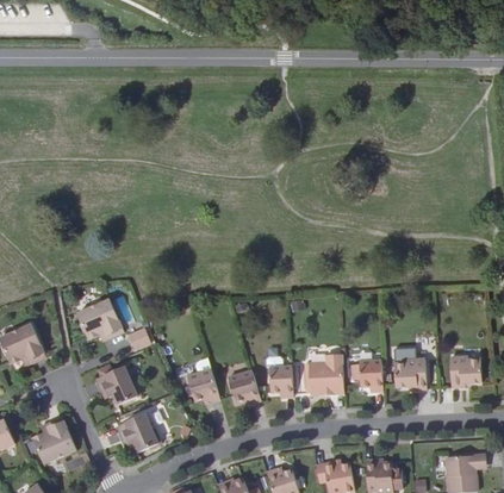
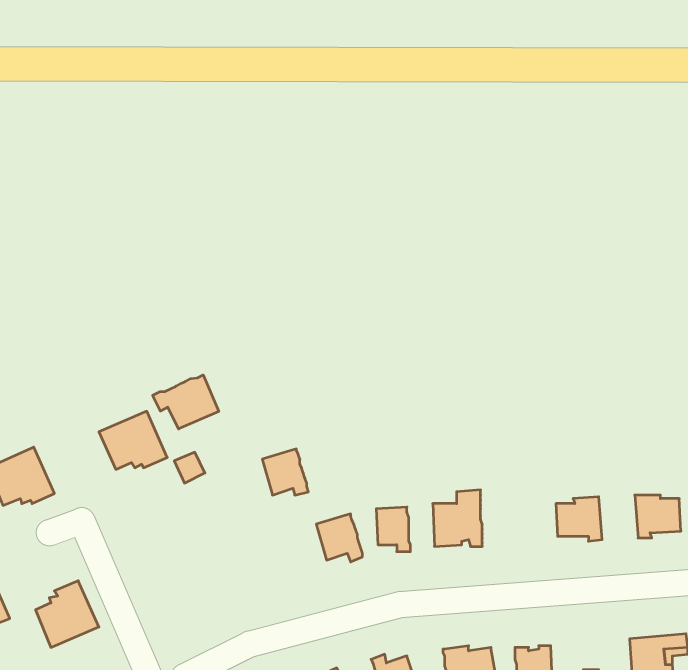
building: none -> [153,375,219,429]
building: [351,360,382,392] -> none
building: [95,366,139,405] -> none
building: [187,369,219,401] -> [262,449,308,495]
building: [117,413,161,453] -> none

